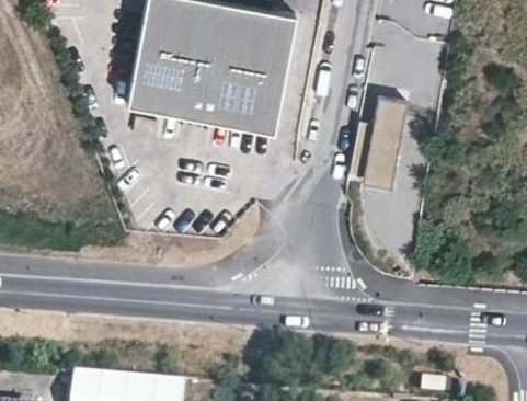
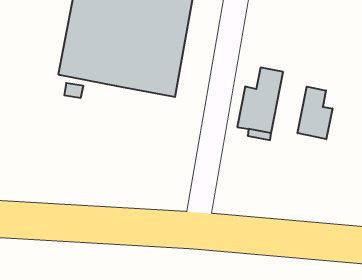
building: none -> [298,87,332,139]

